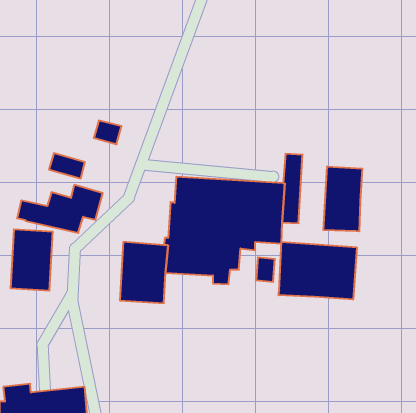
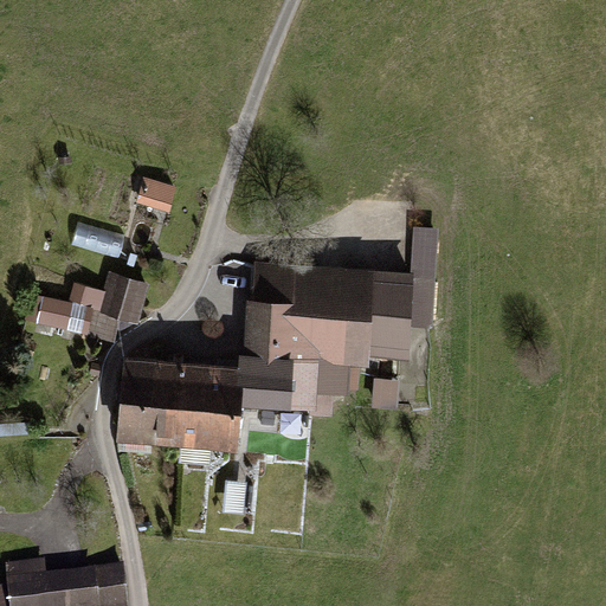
building: [323,166,362,231] -> none
building: [10,229,53,291] -> [117,353,179,441]
building: [279,242,357,300] -> none

